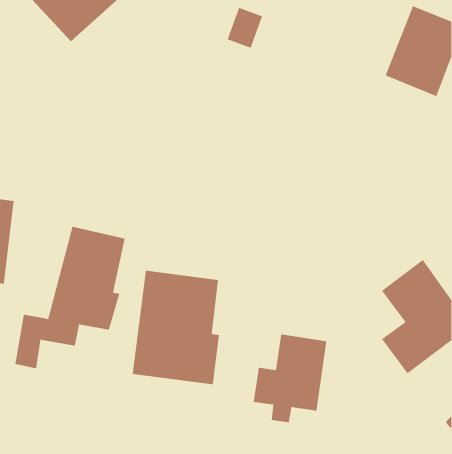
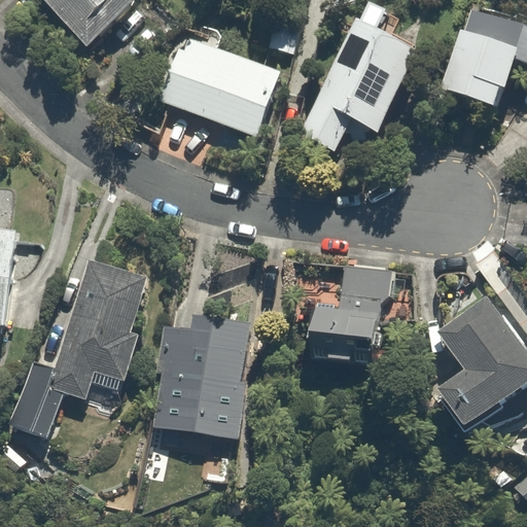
building: none -> [297,15,425,147]
building: none -> [156,32,279,137]
building: [253,334,327,423] -> [309,264,394,365]

